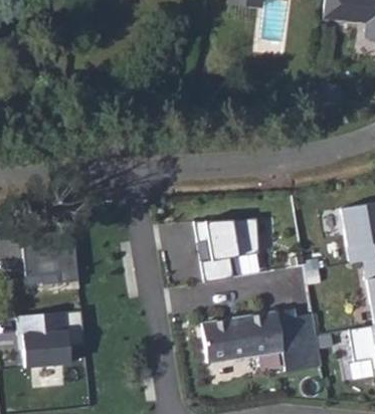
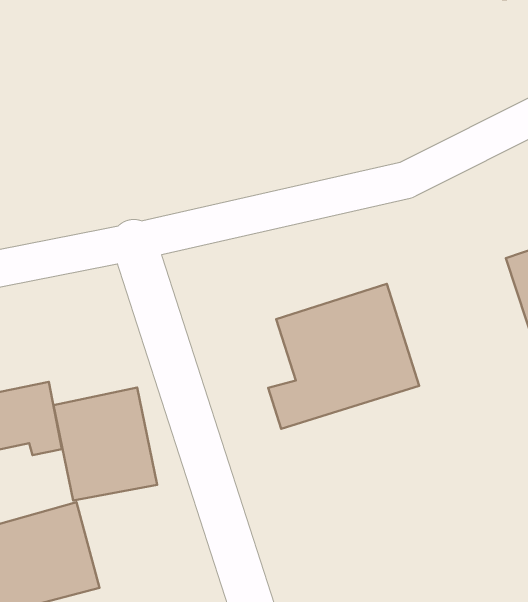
building: none -> [54,387,157,501]
building: [205,307,320,370] -> none

